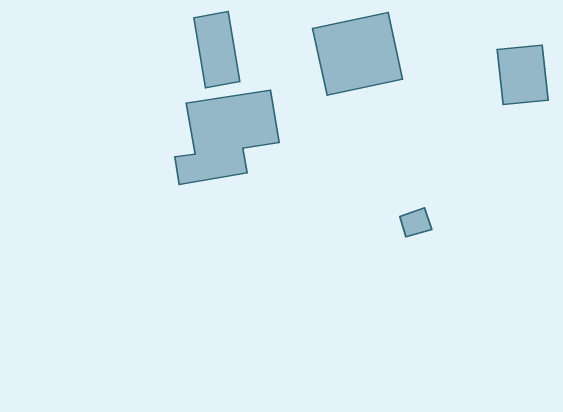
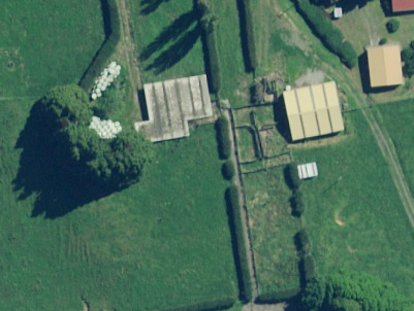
building: [194,11,240,88] -> none
building: [313,12,403,95] -> [280,81,344,140]

